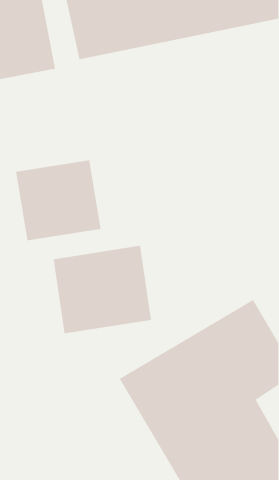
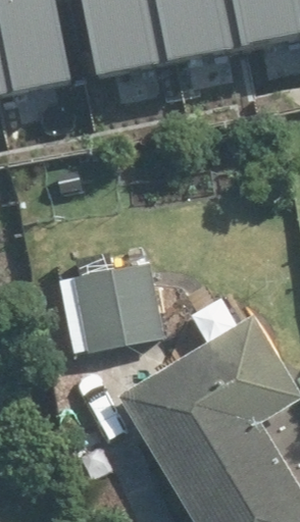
building: [15,159,101,241] -> none

